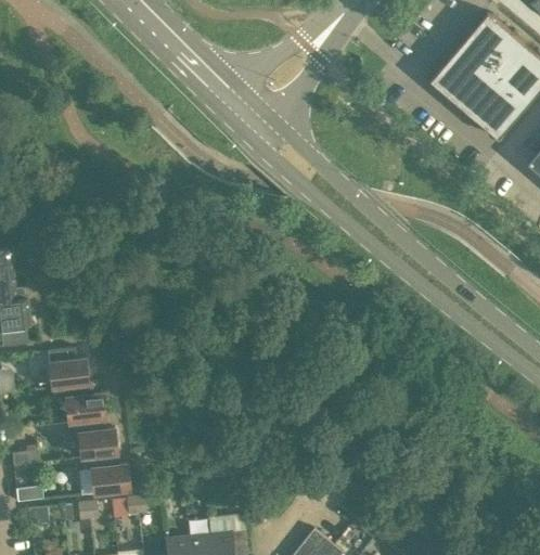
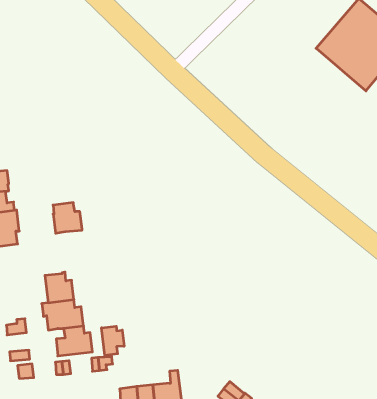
building: [48,347,87,388] -> [53,203,82,233]
building: none -> [102,326,124,355]

